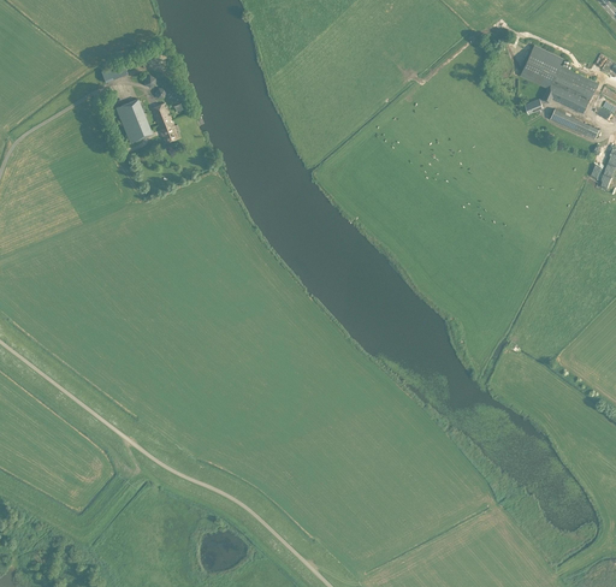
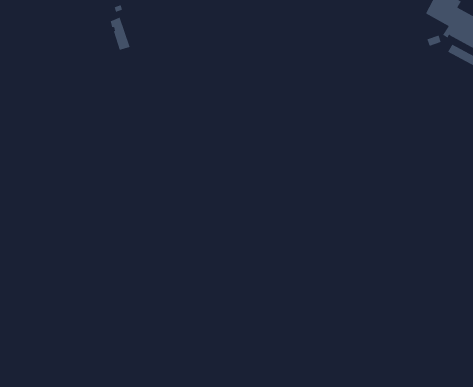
building: [116,100,152,143] -> none

